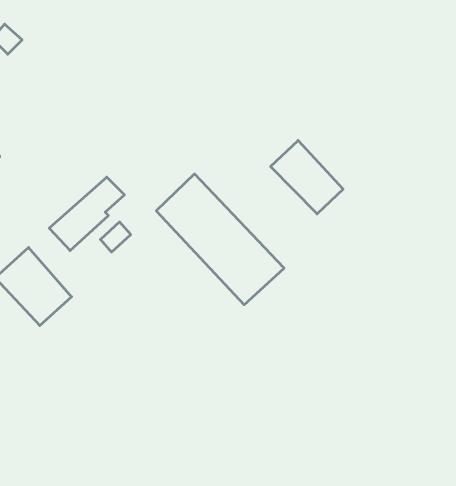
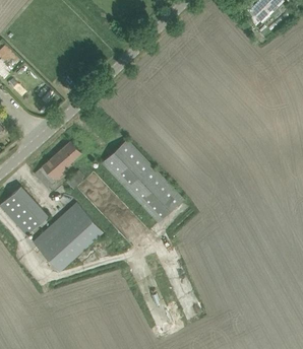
building: [271,140,343,214] -> none
building: none -> [34,202,103,270]

